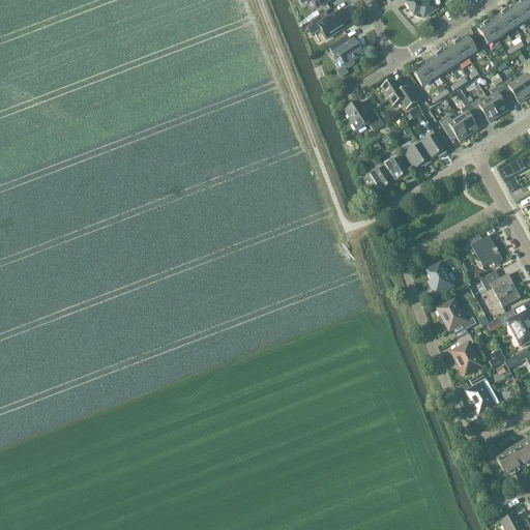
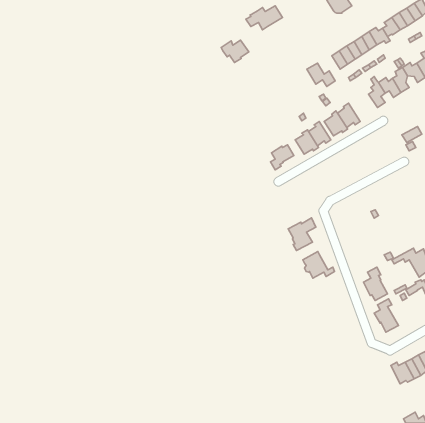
building: [330,37,364,65] -> [221,40,249,63]
building: [347,100,385,129] -> none
building: [440,113,470,140] -> none
building: none -> [270,145,294,170]
building: [467,232,504,266] -> none
building: [426,255,461,295] -> [288,218,316,250]
building: [481,270,522,306] -> none
building: [437,297,476,330] -> [303,251,335,278]

